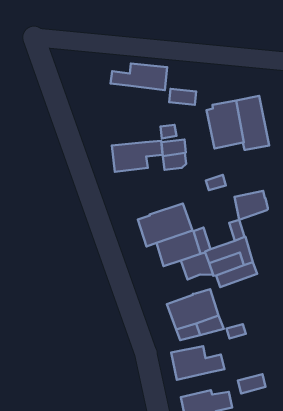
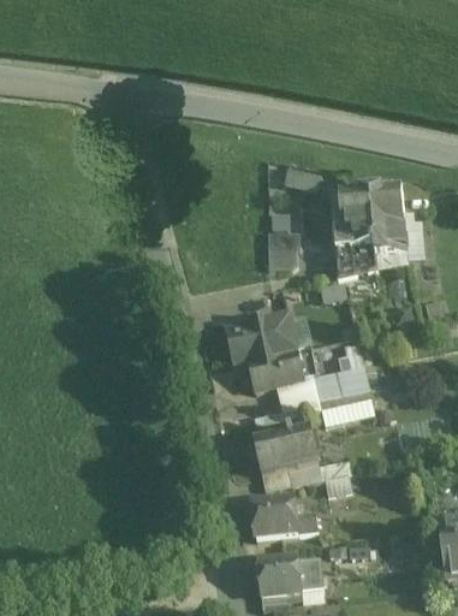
building: [110,64,167,90] -> none
building: [112,141,162,172] -> none
building: [235,191,268,220] -> [335,241,376,274]

